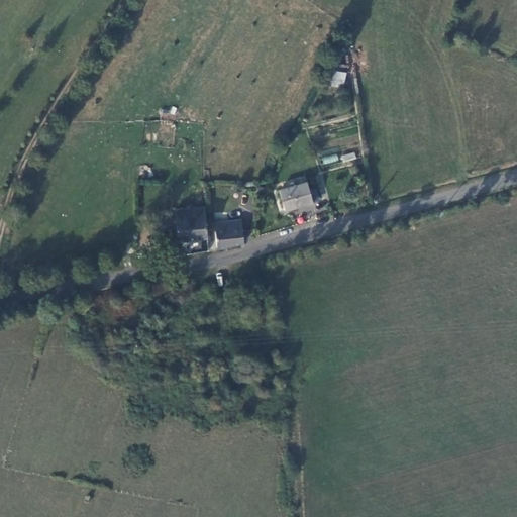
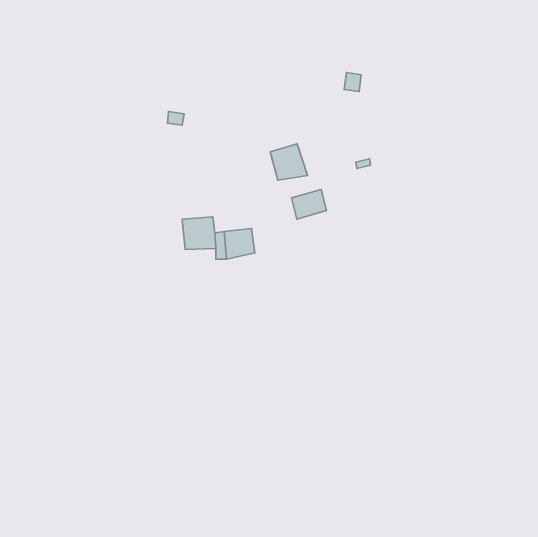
building: none -> [270,144,307,180]

